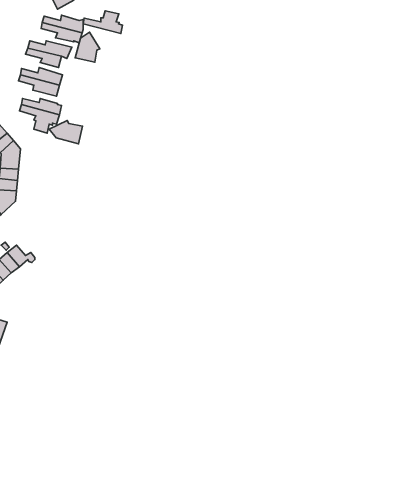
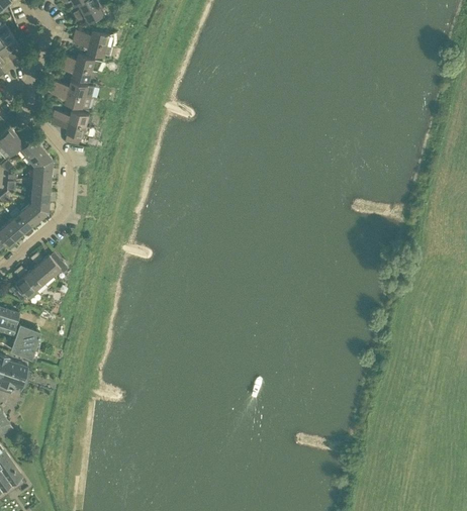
building: [83,11,122,34] -> none
building: [75,32,100,62] -> none
building: [49,121,83,144] -> none

